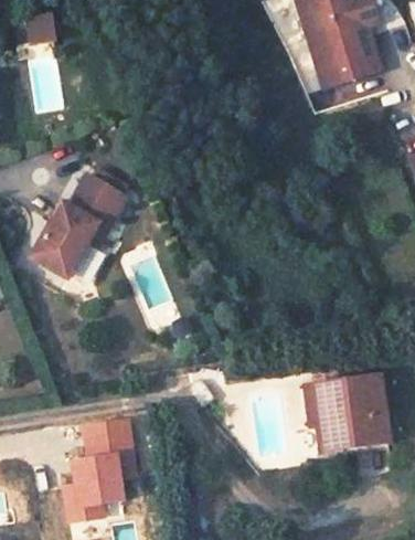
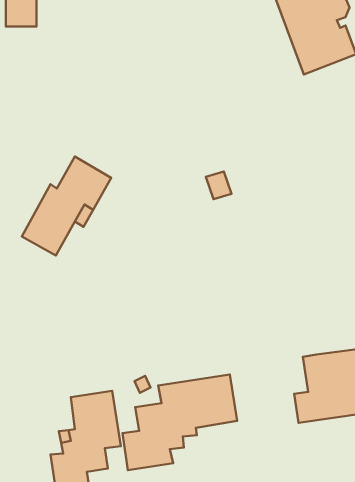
building: [308,367,339,421] -> none
building: none -> [122,375,237,470]

